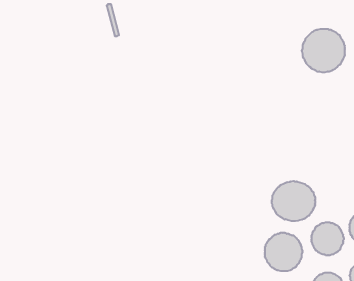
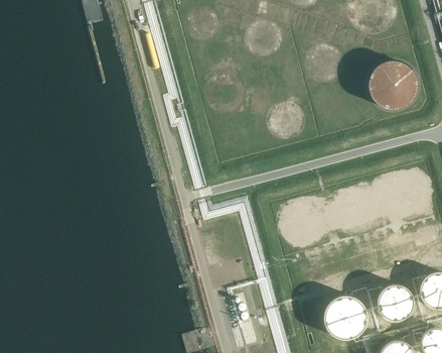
building: [272,181,315,221] -> none

